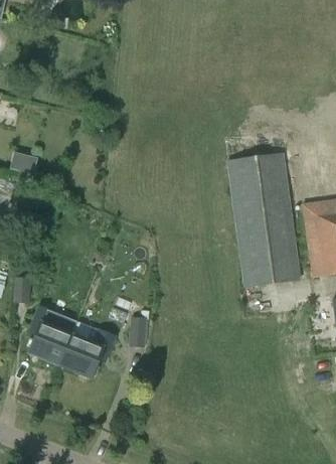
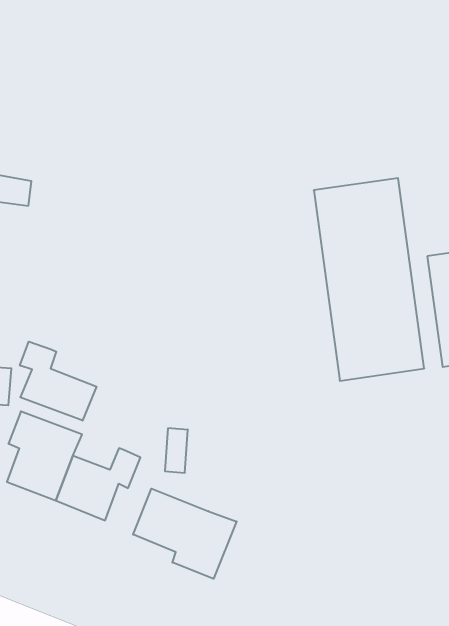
building: none -> [20,342,97,421]
building: none -> [133,489,237,579]

